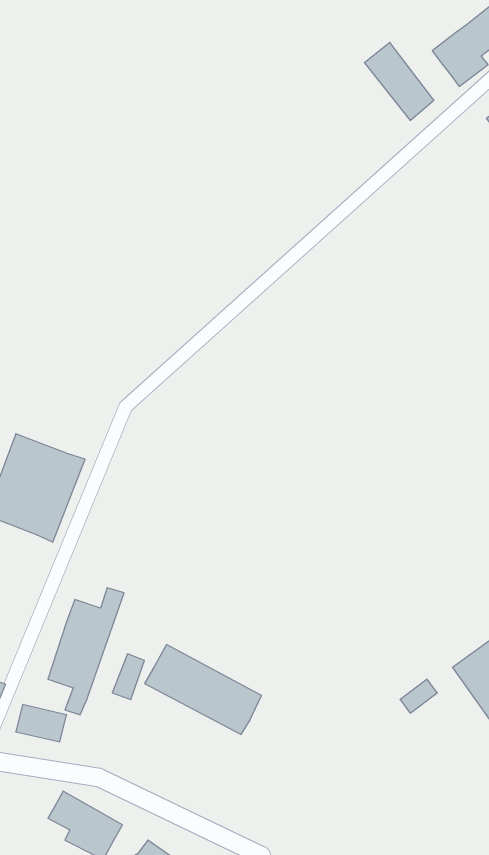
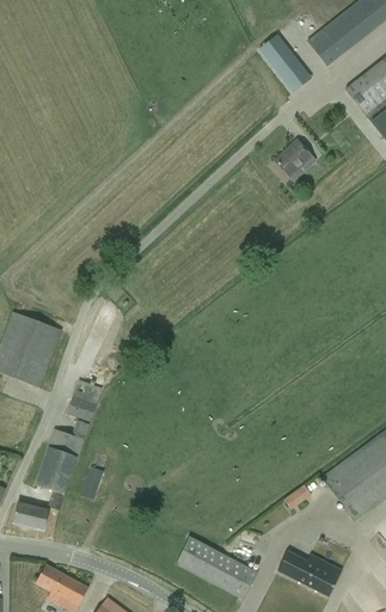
building: none -> [275,139,312,178]
building: none -> [67,379,103,421]
building: [145,645,261,734] -> [177,536,259,599]
building: none -> [277,550,342,595]

